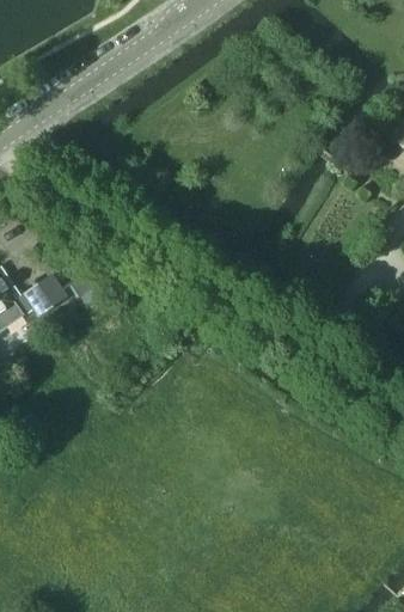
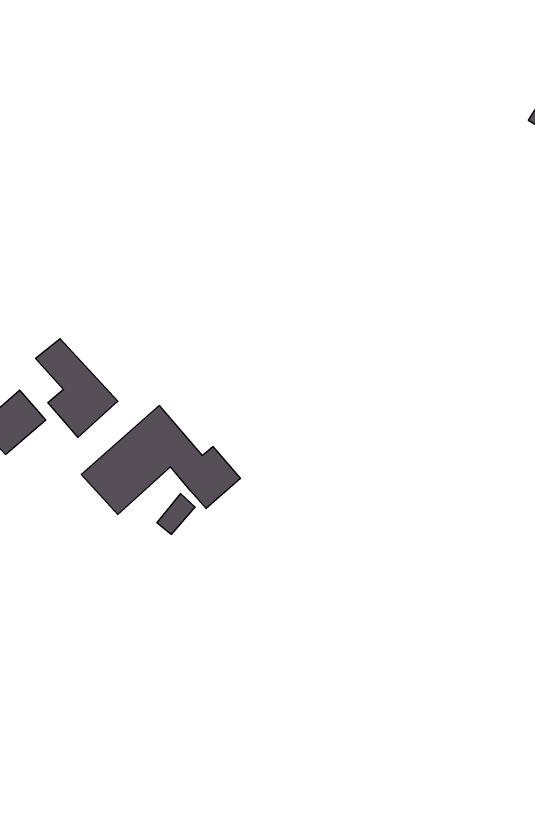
building: none -> [81,406,240,515]

